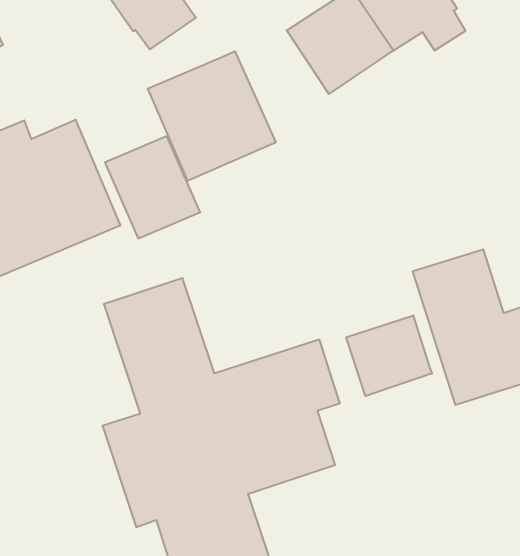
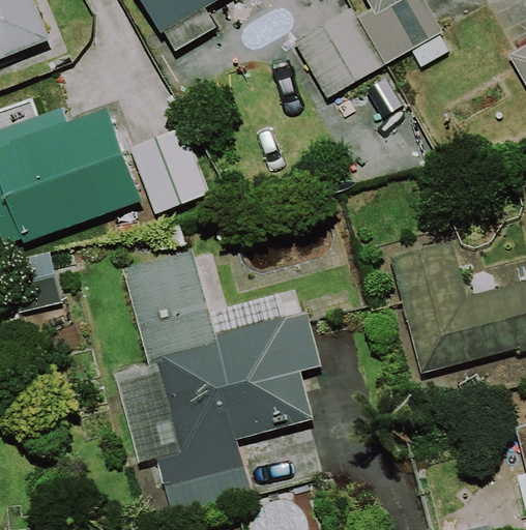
building: [148,51,276,181] -> none
building: [346,315,432,396] -> none

